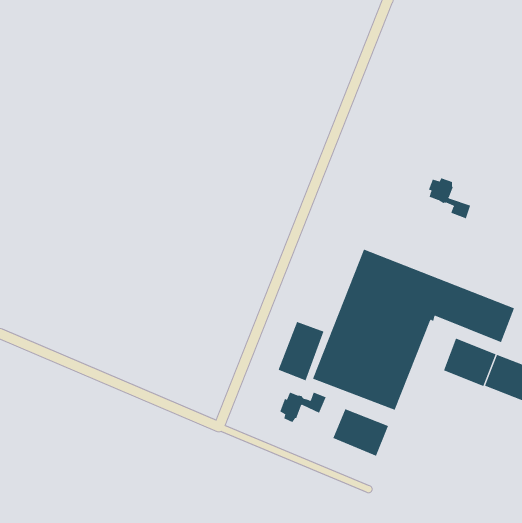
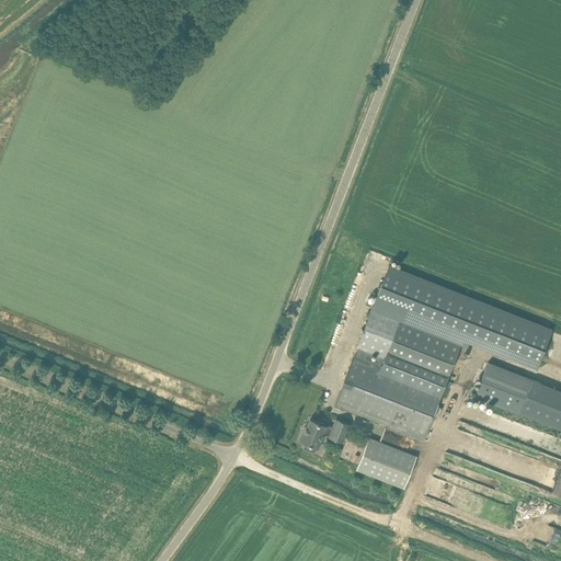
building: [428,178,471,219] -> none
building: [278,321,324,381] -> none

